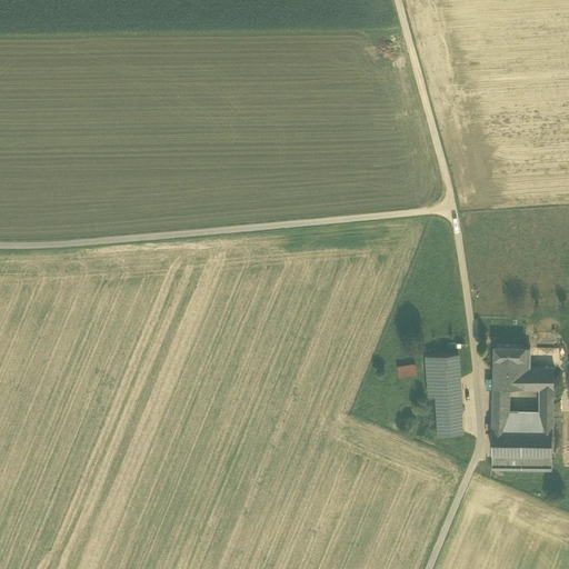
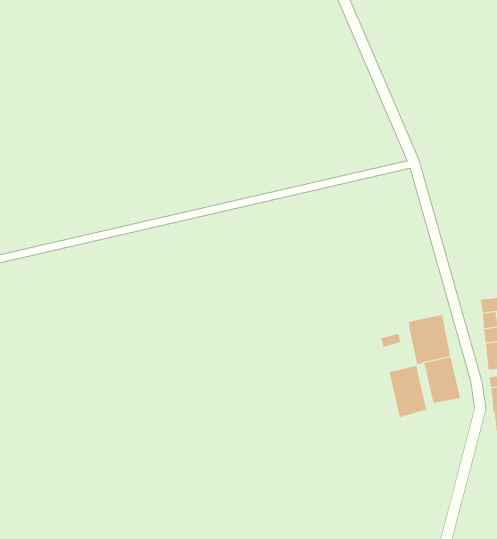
building: none -> [389,365,427,418]

